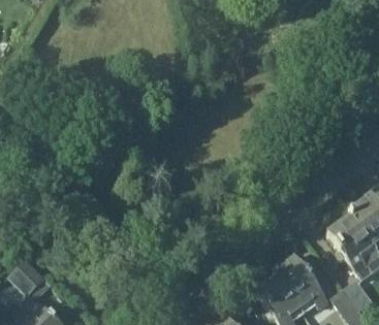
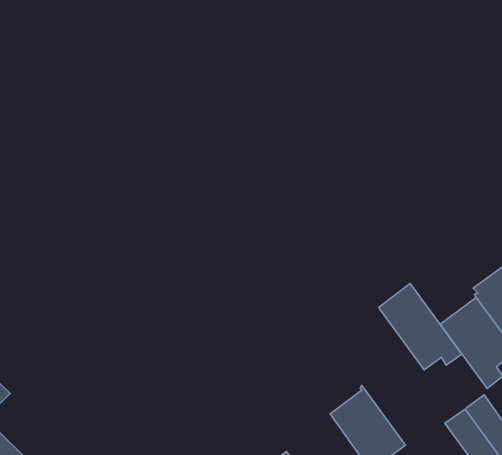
building: [276,257,330,314] -> [379,284,462,370]

